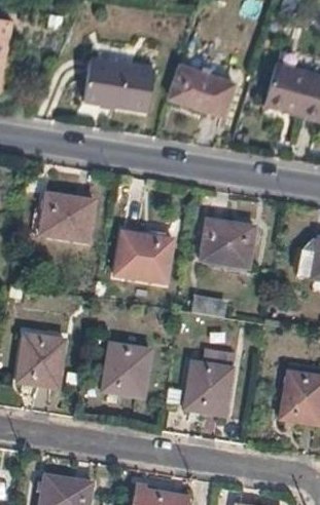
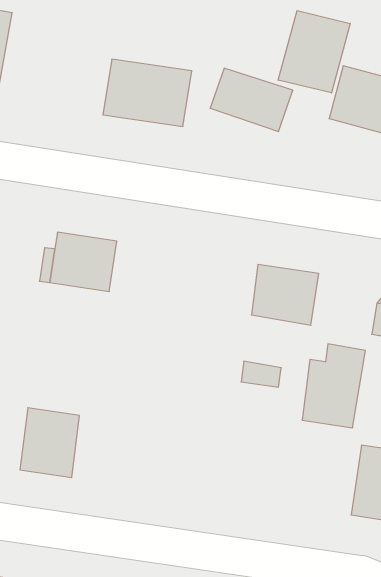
building: none -> [278,11,350,93]
building: [115,232,174,283] -> none
building: [102,344,151,397] -> none
building: [185,349,236,416] -> [302,344,365,428]

